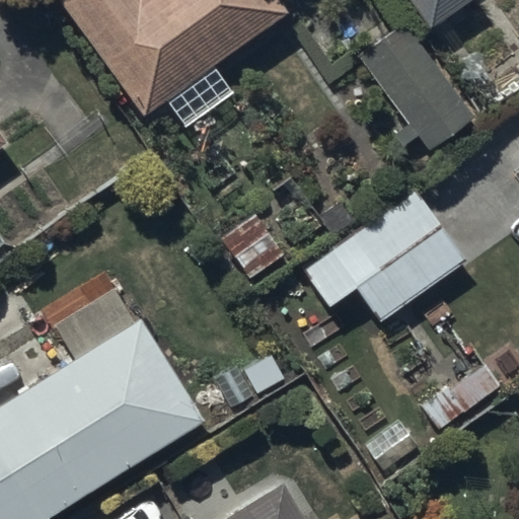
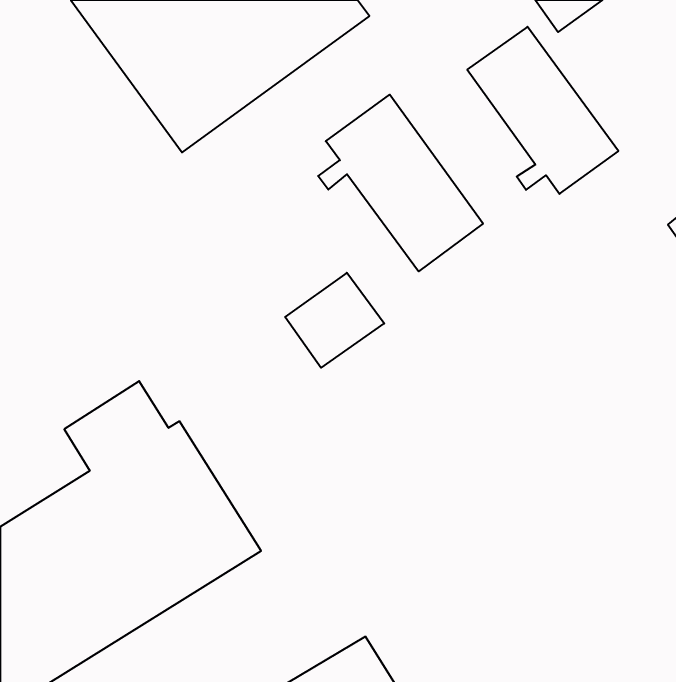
building: none -> [318,95,483,271]
building: [304,192,464,321] -> none

